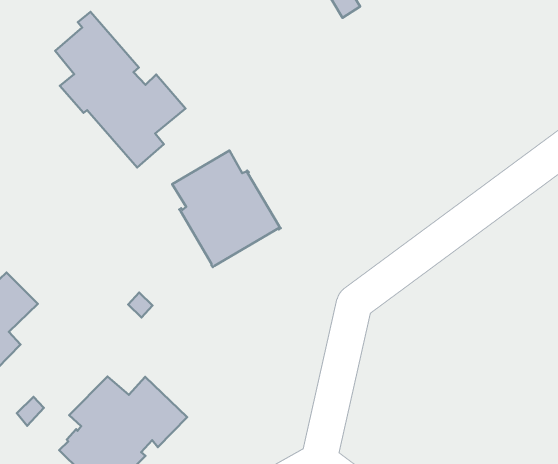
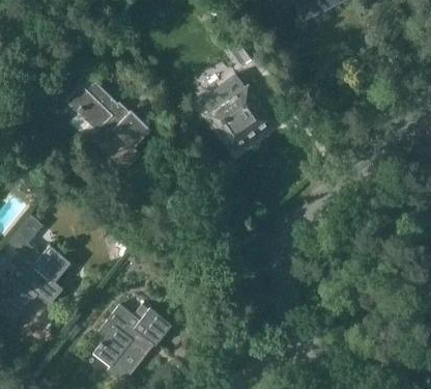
building: [172,151,281,267] -> [201,76,272,150]

